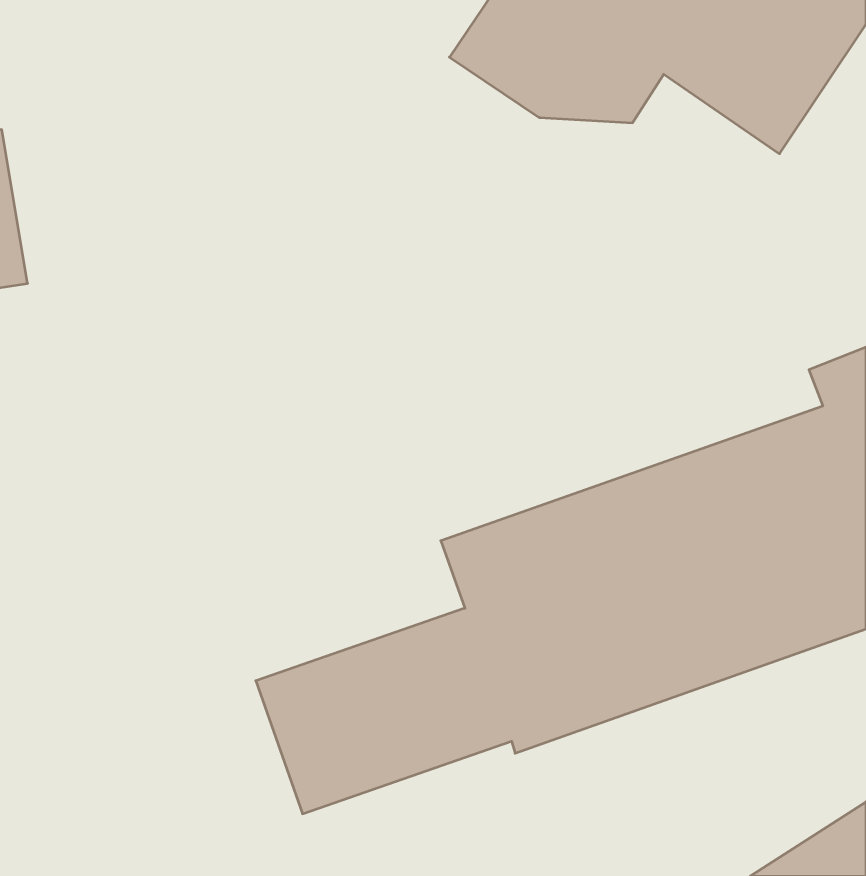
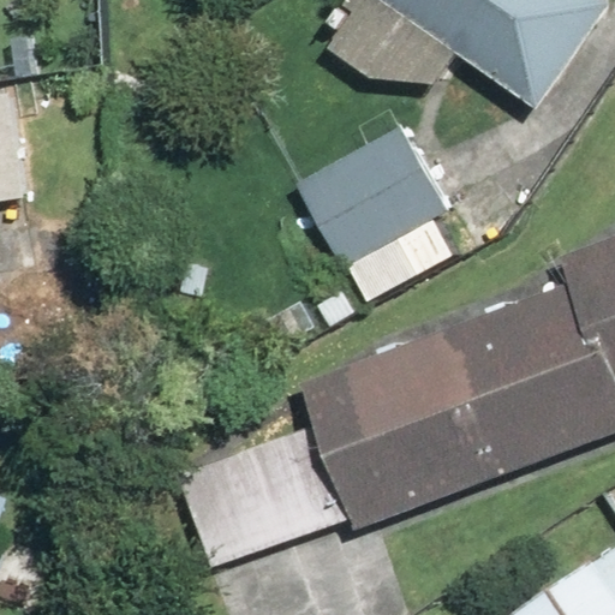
building: none -> [299,125,455,303]

